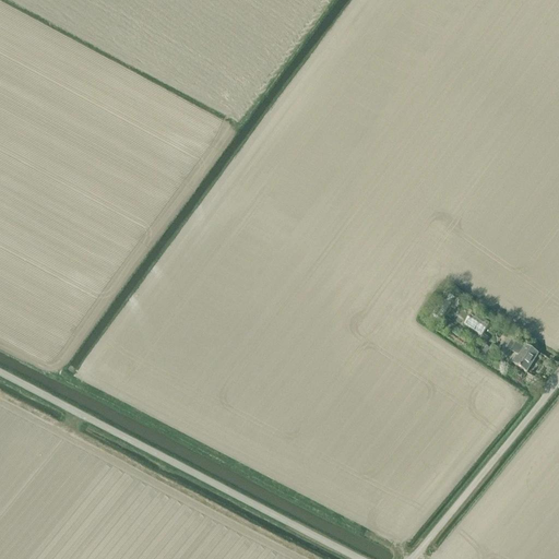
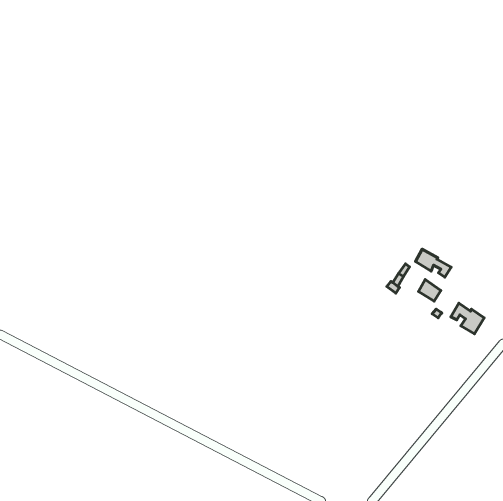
building: none -> [416,249,451,277]

